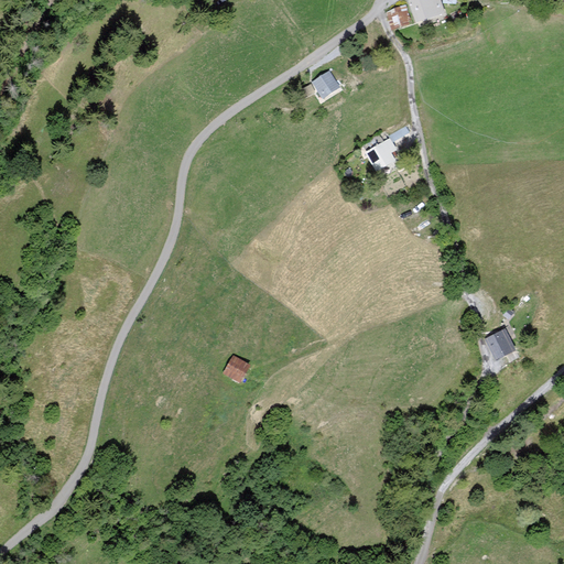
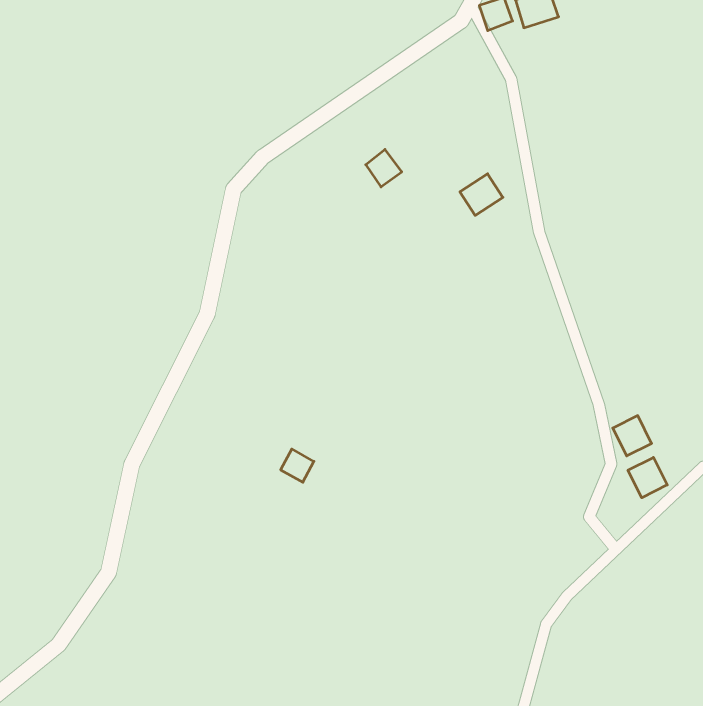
building: [311,69,339,99] -> [366,149,402,187]
building: none -> [628,457,667,498]

